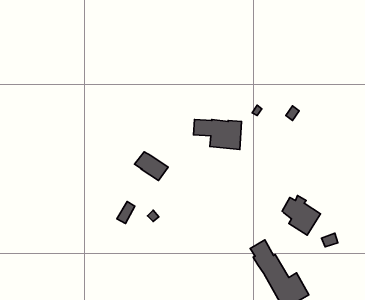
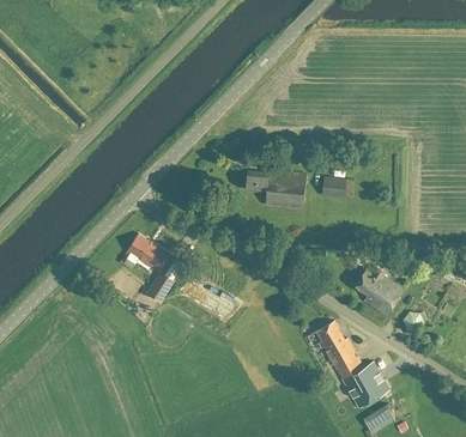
building: none -> [321,177,353,199]
building: [134,152,168,181] -> [128,236,170,272]

